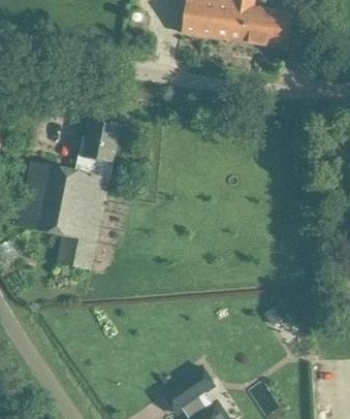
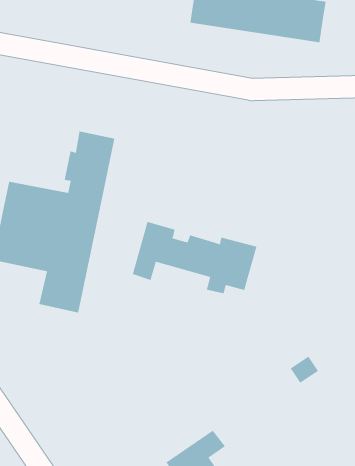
building: none -> [132,221,257,294]

